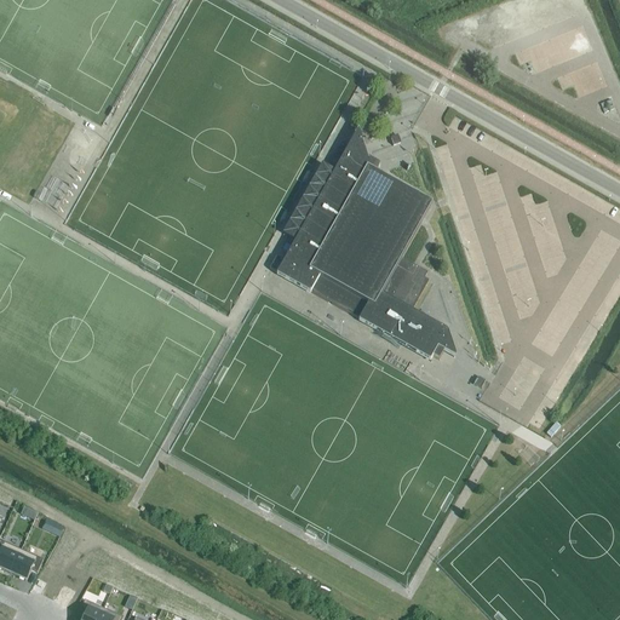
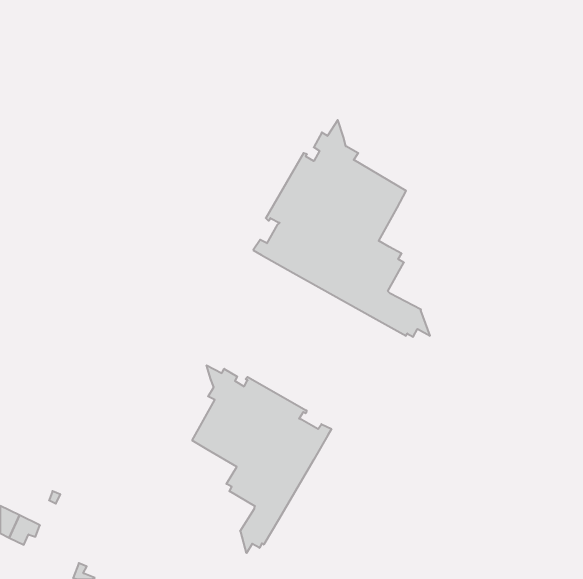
building: none -> [192,365,331,553]

